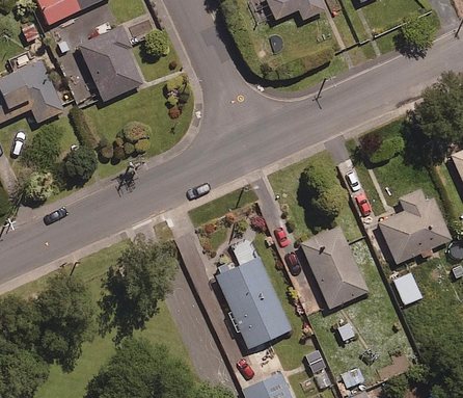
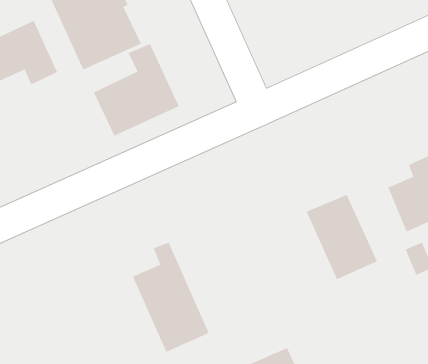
building: none -> [93,43,179,137]
building: [217,242,291,348] -> [132,242,209,353]

